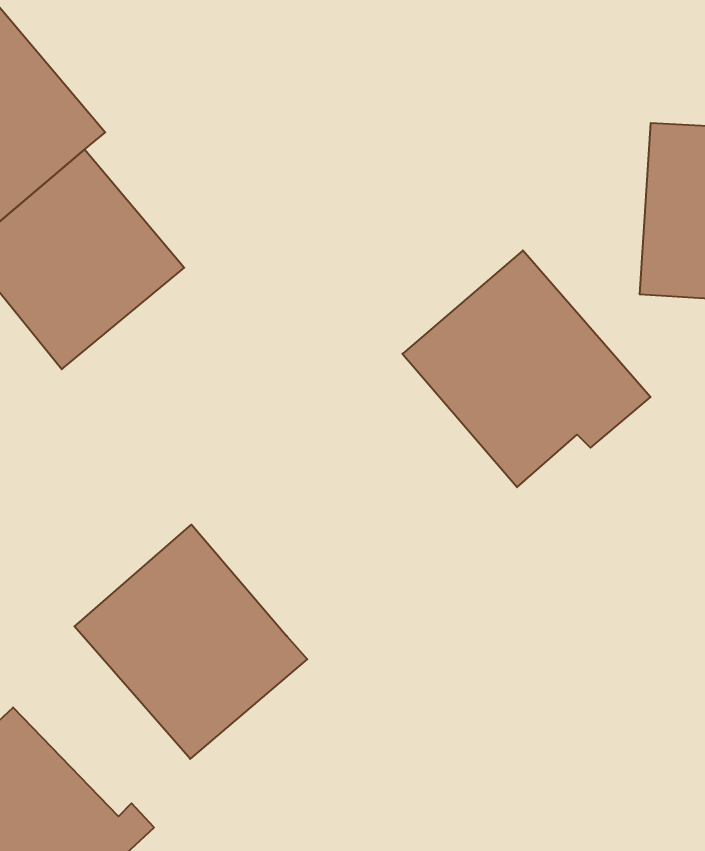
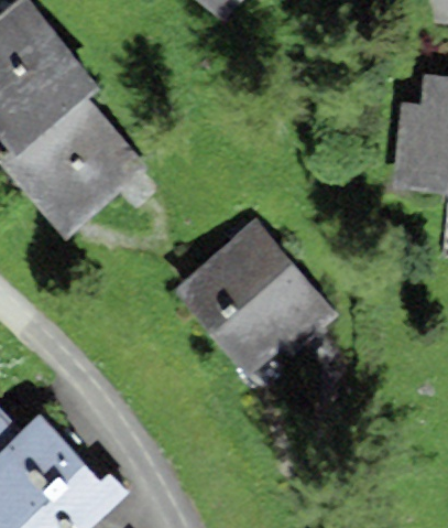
building: [402,250,651,487] -> [185,230,330,369]
building: [74,525,307,759] -> none

